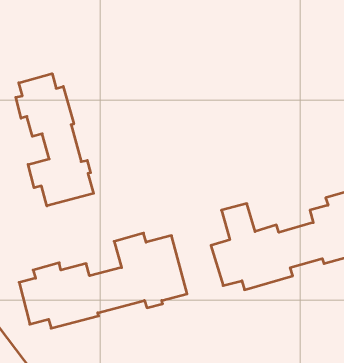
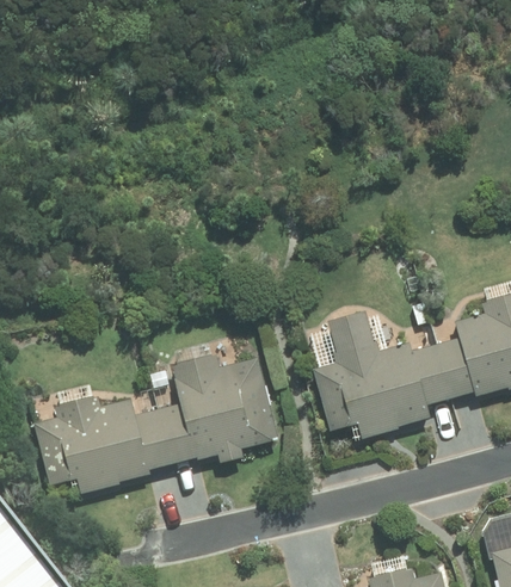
building: [16,74,94,206] -> none

